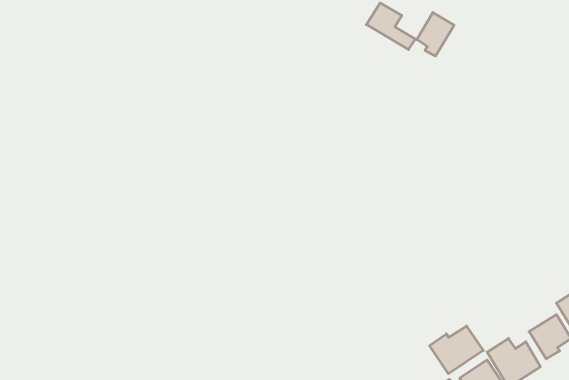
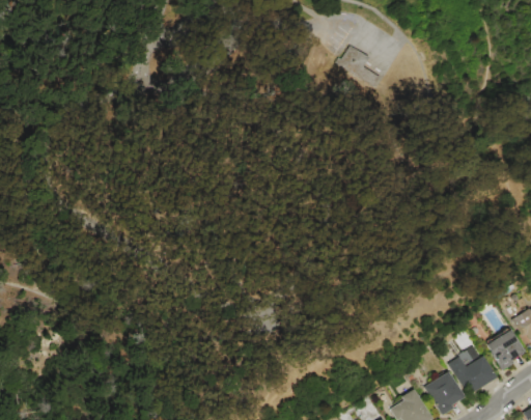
building: [417,12,454,56] -> none
building: [430,326,483,374] -> none

